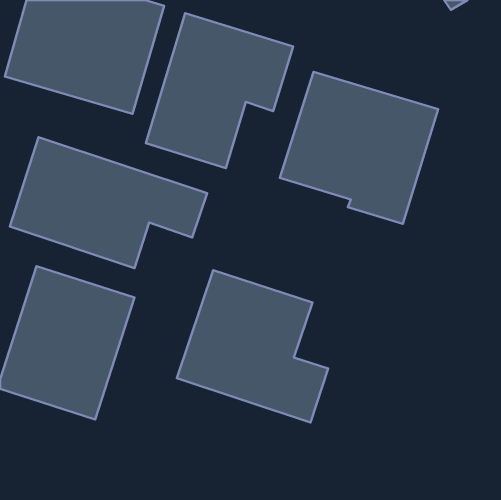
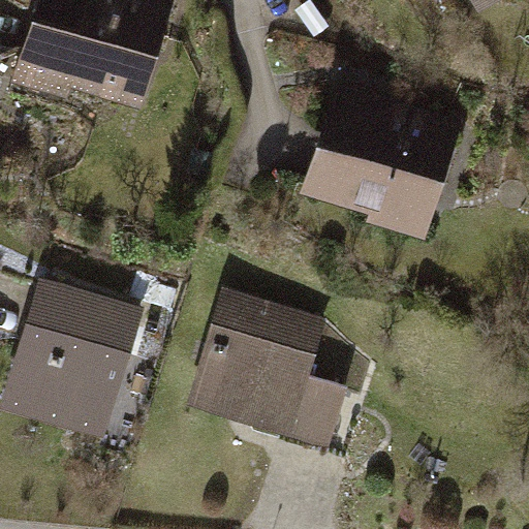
building: [146,13,293,168] -> none
building: [10,137,207,268] -> none

